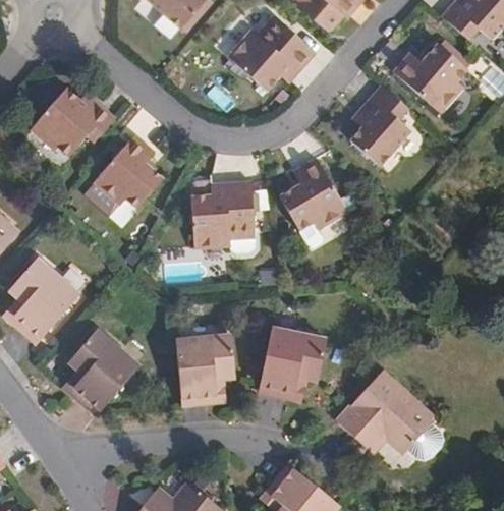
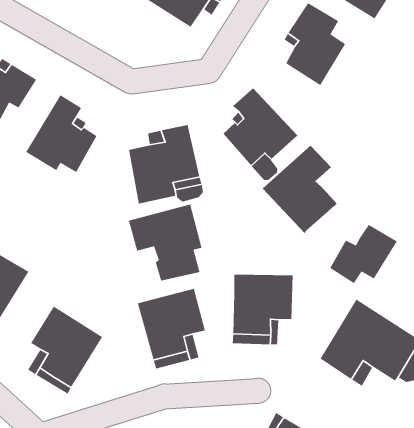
building: none -> [262,145,338,234]
building: none -> [128,203,202,281]
building: none -> [329,224,398,284]

